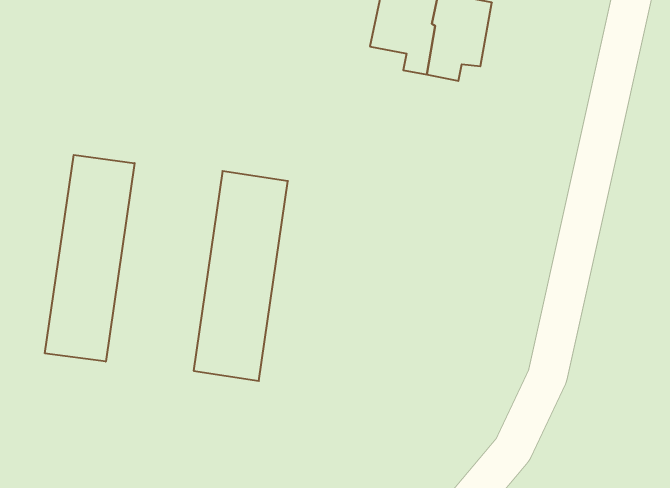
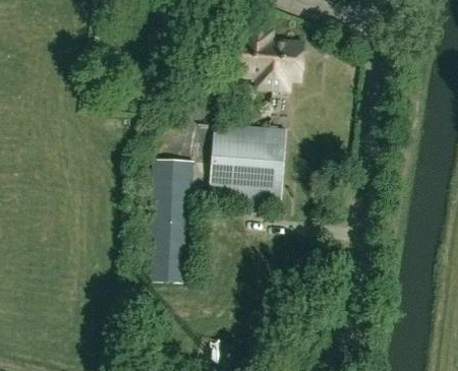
building: none -> [208,121,284,194]
building: [45,155,135,362] -> none

